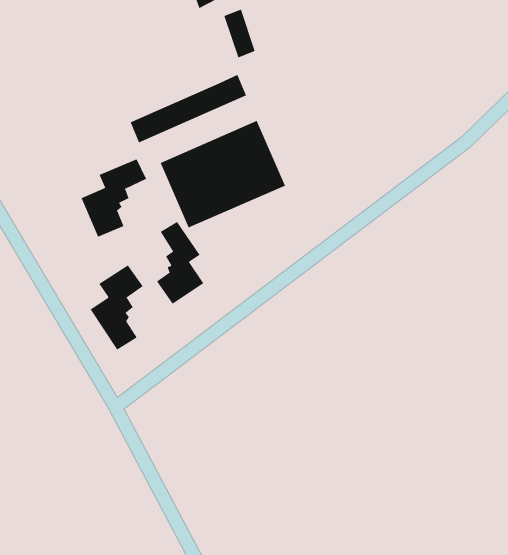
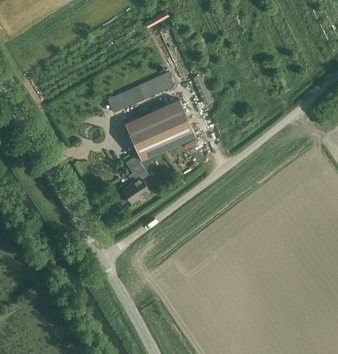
building: [81,158,147,237] -> none
building: [90,265,143,351] -> none

